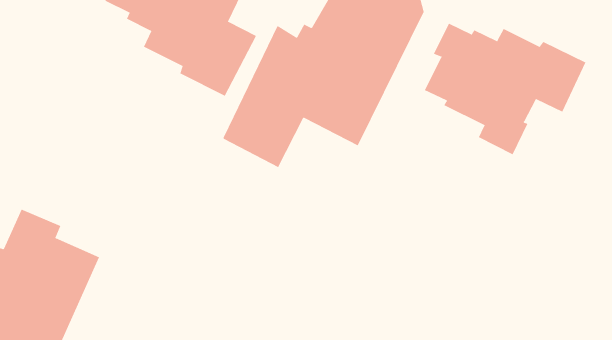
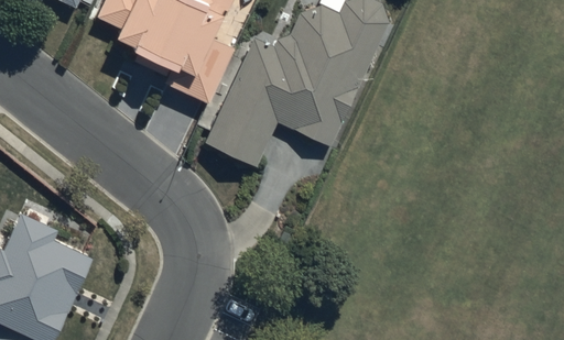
building: [424,23,586,155] -> none

